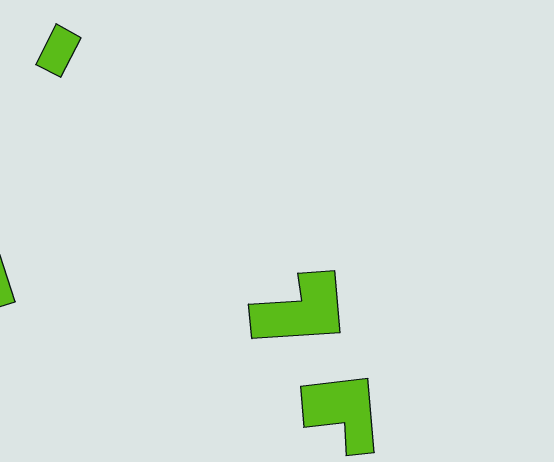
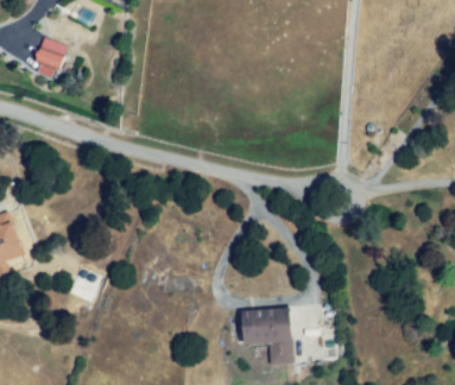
building: [249,271,340,339] -> none

